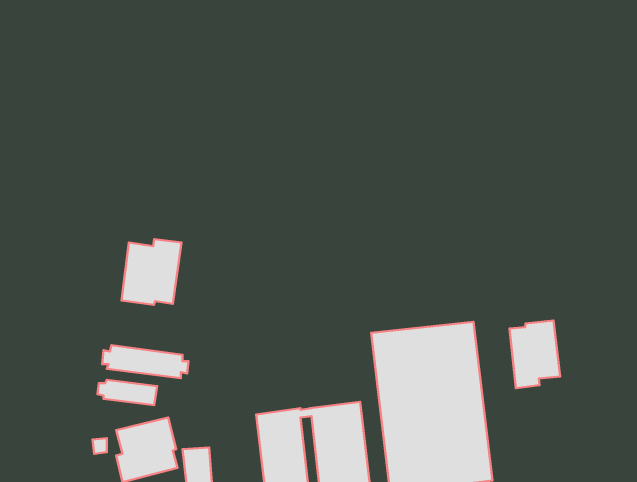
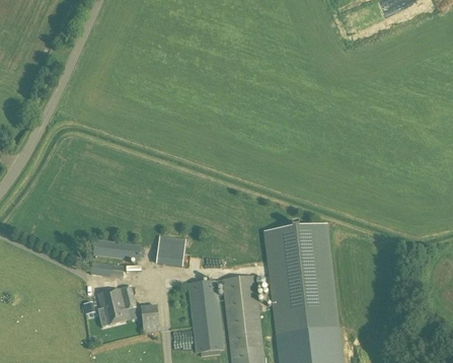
building: [121,239,182,305] -> none
building: [509,321,560,388] -> none
building: none -> [156,234,186,266]

